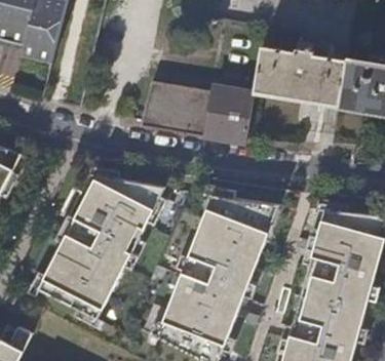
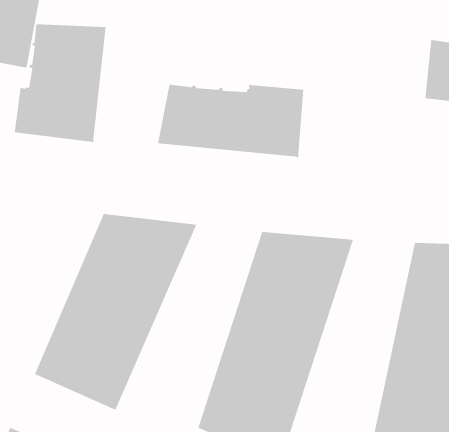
building: none -> [14,24,106,143]
building: [251,42,346,106] -> none

